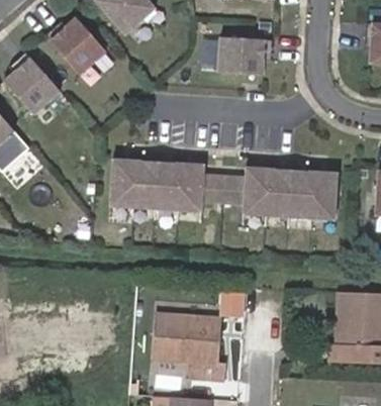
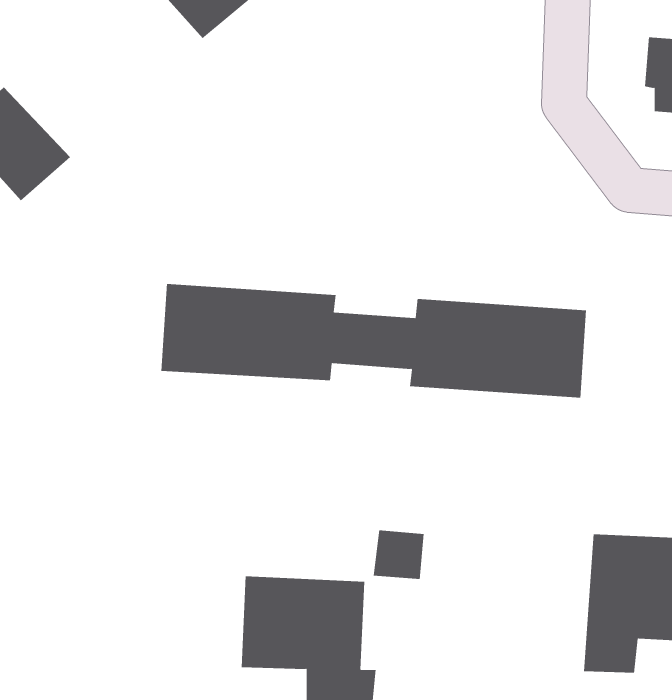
building: [47,16,109,73] -> none
building: [218,41,272,79] -> none

